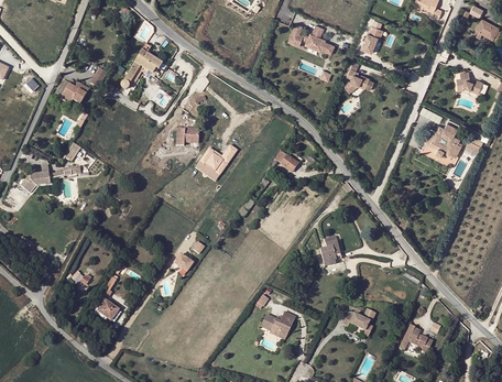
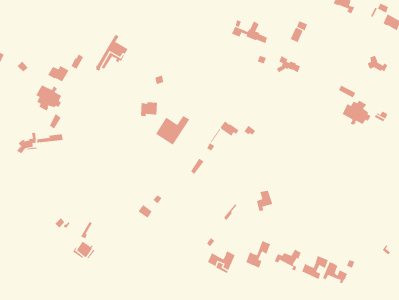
building: none -> [36,84,62,111]
building: none -> [245,240,271,269]
building: none -> [301,255,328,280]

